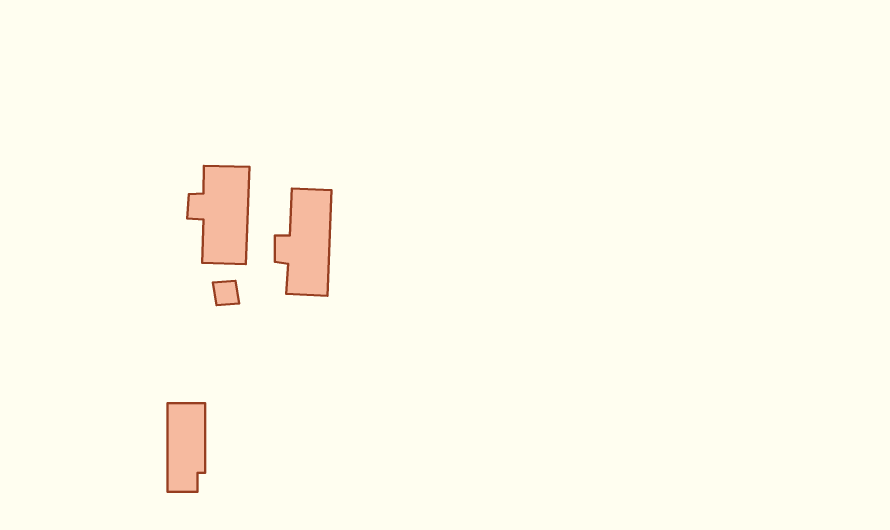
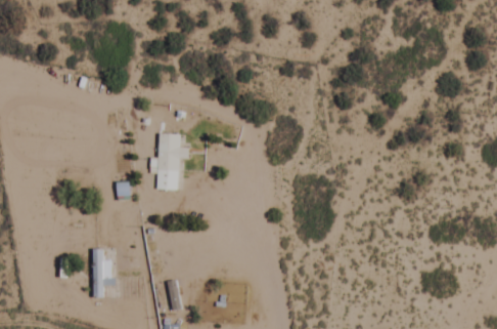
building: [187,166,249,264] -> none

